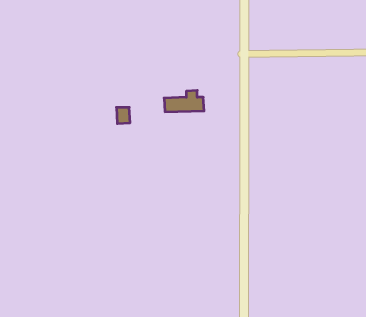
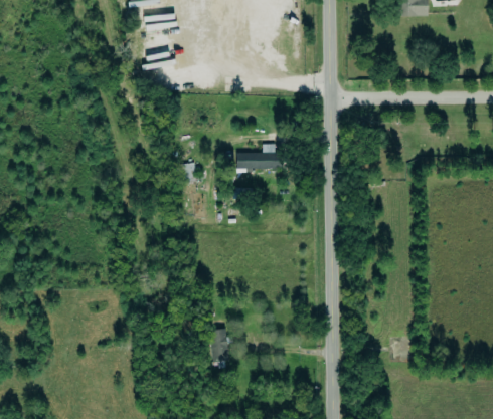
building: none -> [210,329,228,362]

